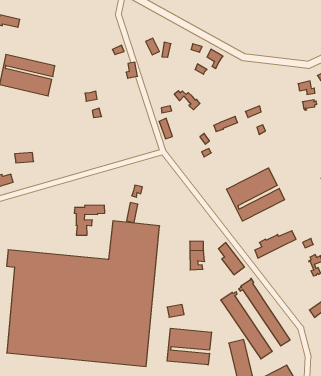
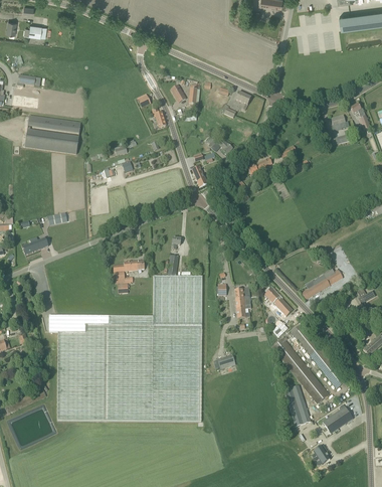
building: [227,168,284,221] -> none
building: [167,328,211,365] -> none

